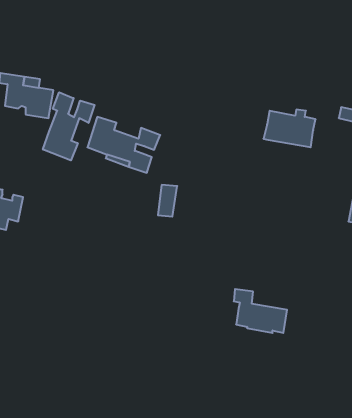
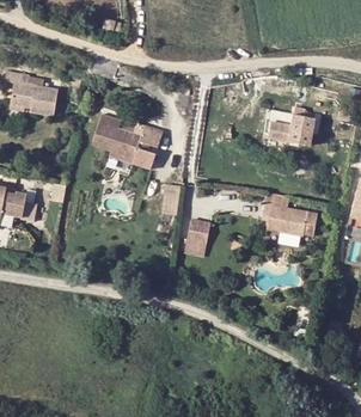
building: [43,92,95,160] -> none
building: none -> [184,216,210,255]
building: [234,289,287,333] -> [267,194,319,237]

